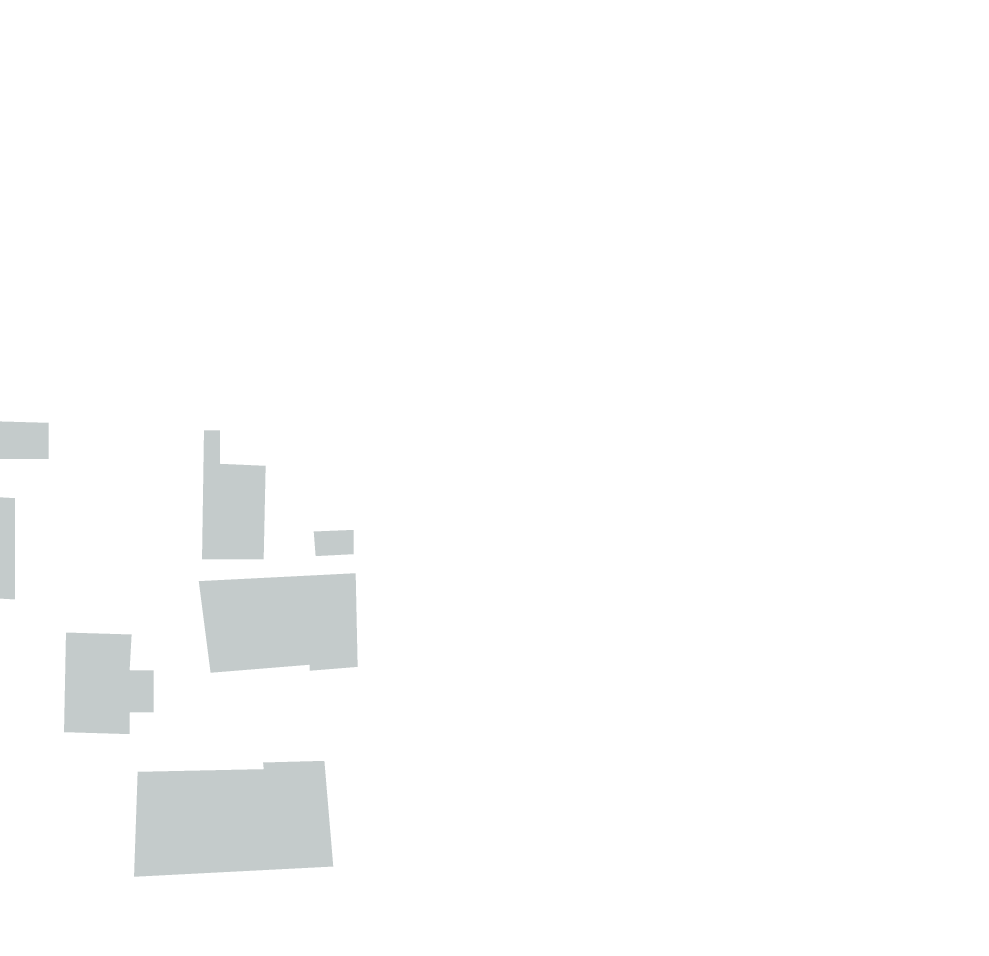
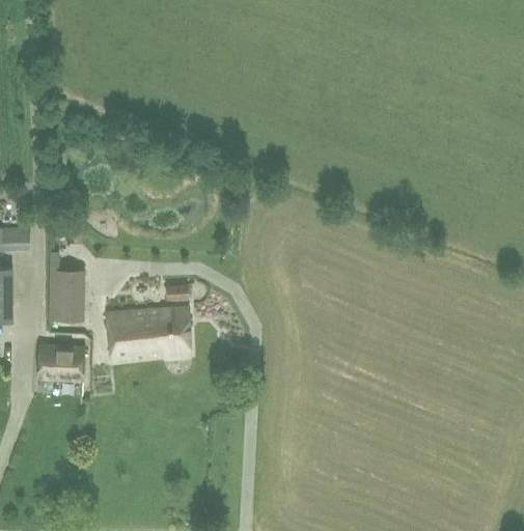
building: [201,429,266,560] -> [50,251,84,319]
building: [133,760,334,877] -> none

